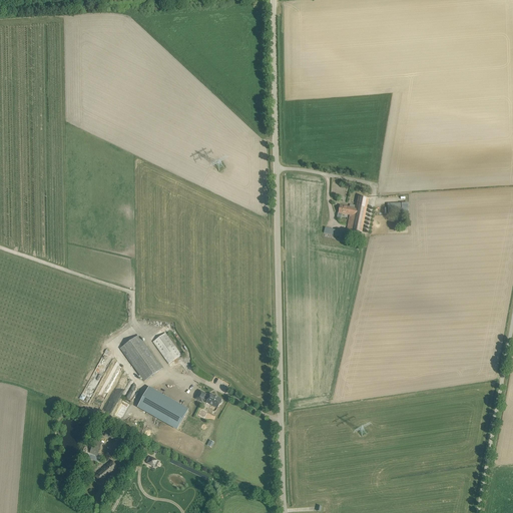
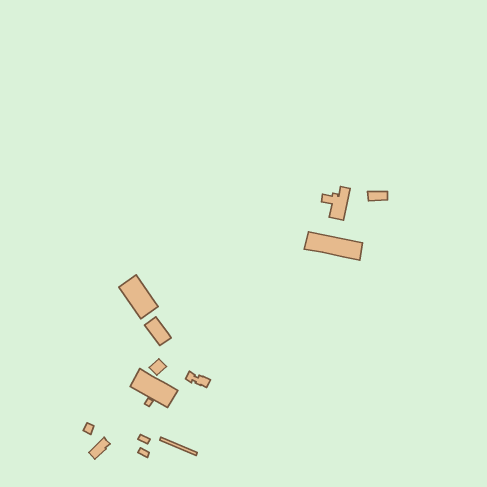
building: none -> [304,232,363,260]
building: [119,334,160,380] -> [119,275,158,319]

